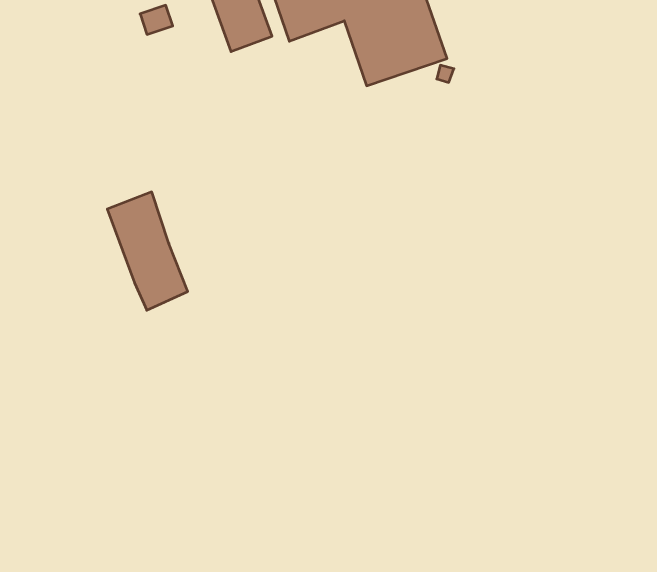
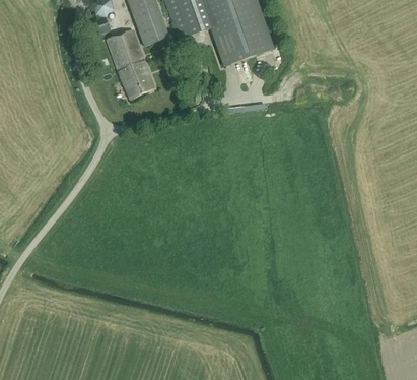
building: [107,192,188,310] -> [107,28,154,99]

